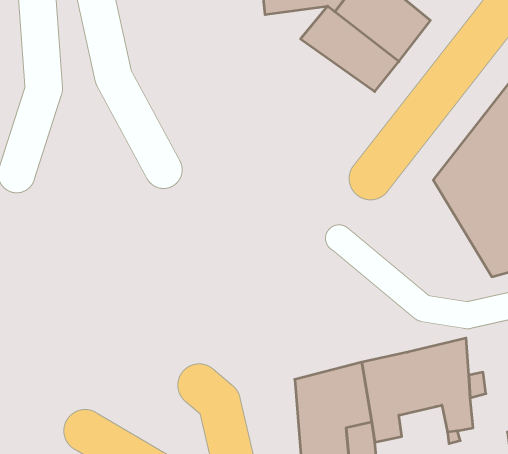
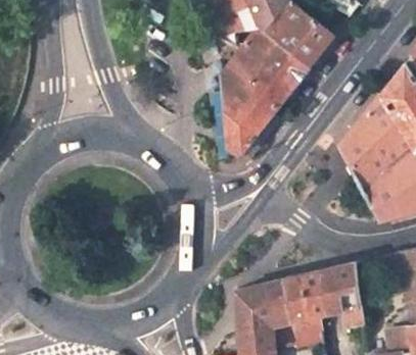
building: none -> [220,48,293,150]

